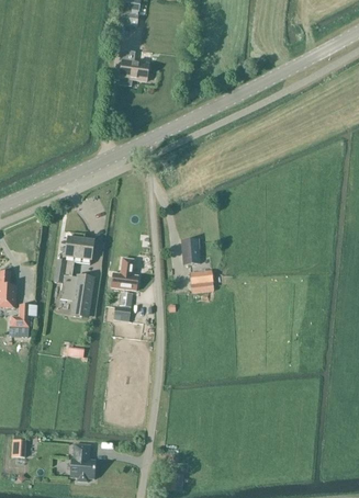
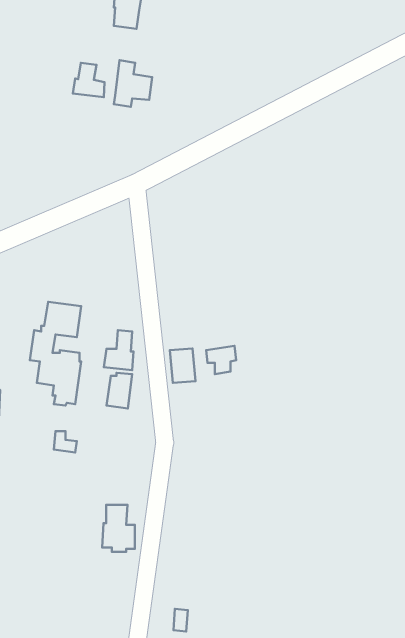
building: none -> [73,63,105,97]
building: [182,238,202,264] -> [170,349,195,383]
building: [70,444,96,480] -> [102,505,135,552]

